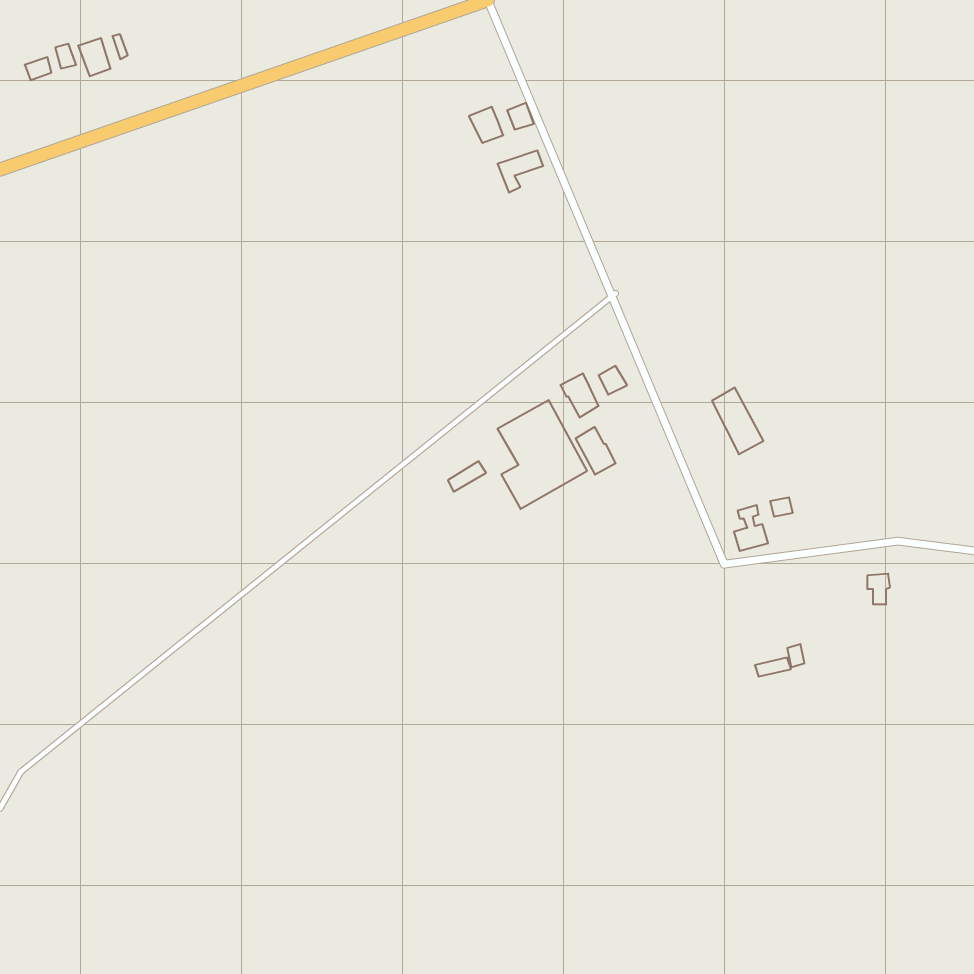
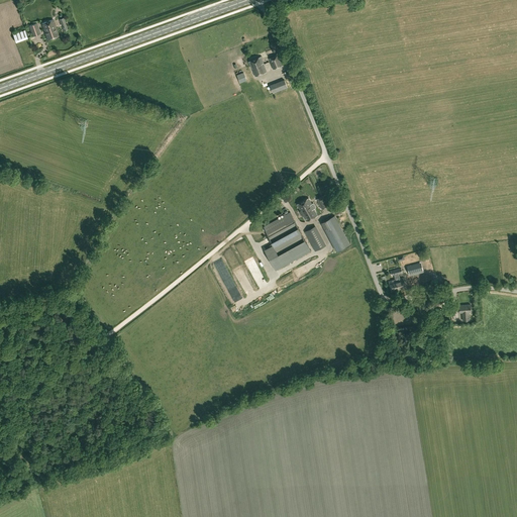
building: [712,388,763,454] -> [321,216,348,251]

